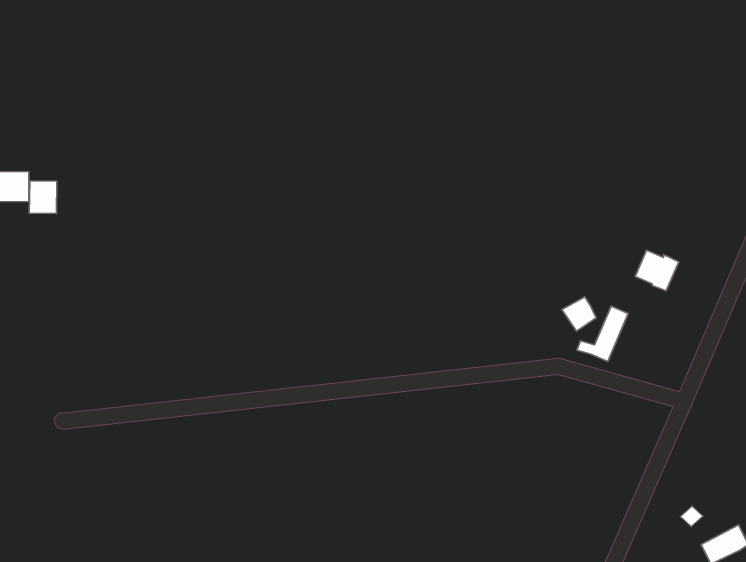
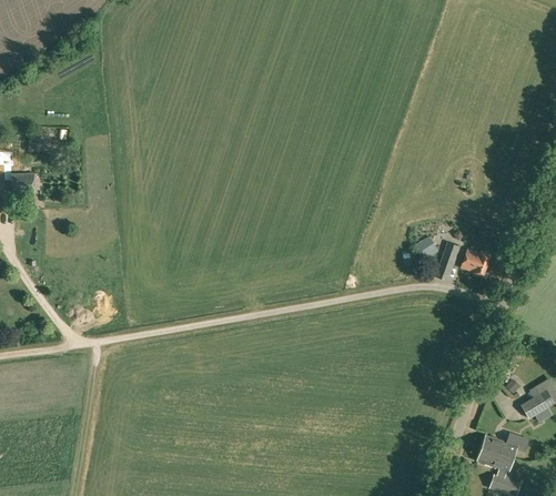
building: [29,181,57,213] -> none
building: [635,250,679,291] -> [461,247,491,275]

